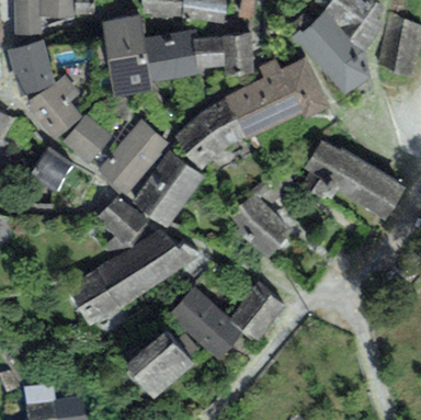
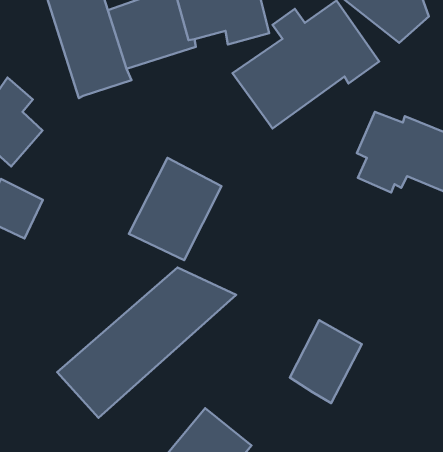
building: [174,97,243,169] -> none
building: [62,115,110,162] -> none
building: [98,120,168,193] -> none
building: [95,196,148,246] -> none
building: [227,196,293,258] -> none
building: [168,286,243,361] -> none

